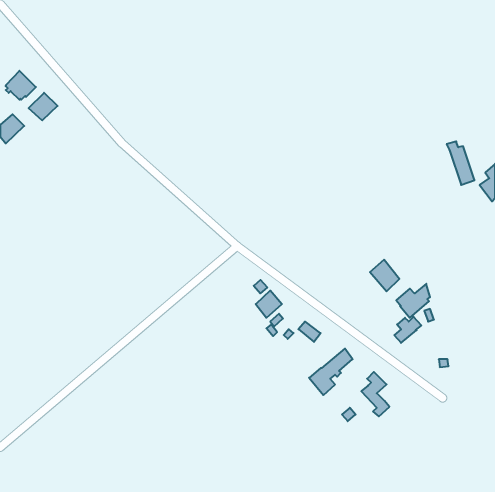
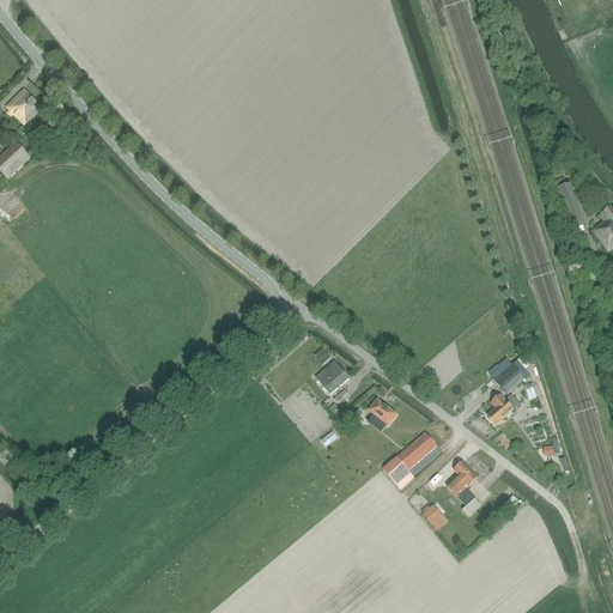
building: [29,93,58,120] -> none
building: [370,260,399,291] -> none

